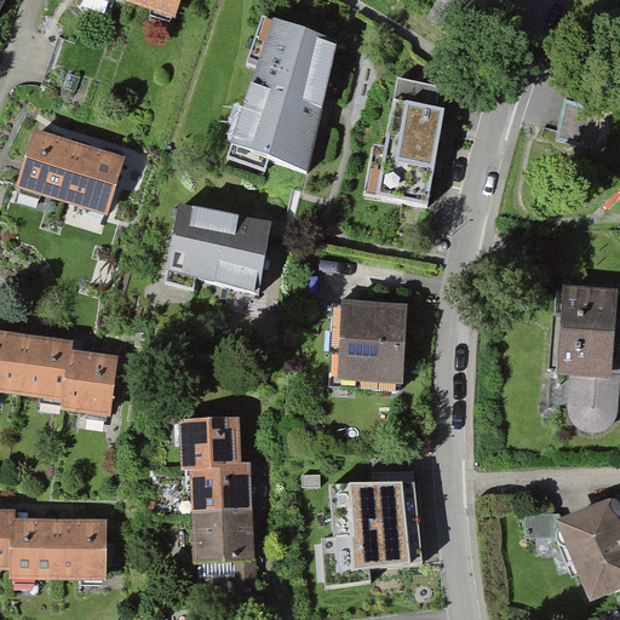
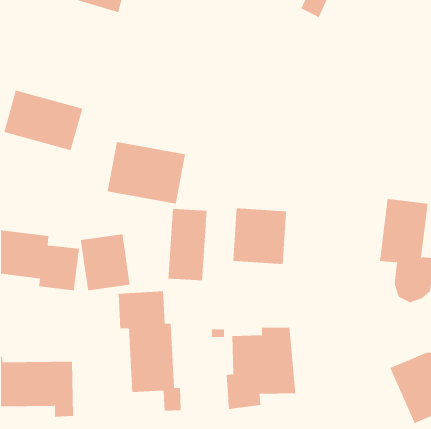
building: [224,19,343,173] -> none
building: [375,78,449,203] -> none
building: none -> [168,208,207,281]
building: none -> [80,233,130,291]

